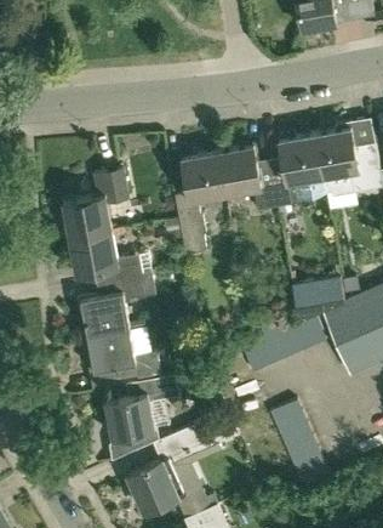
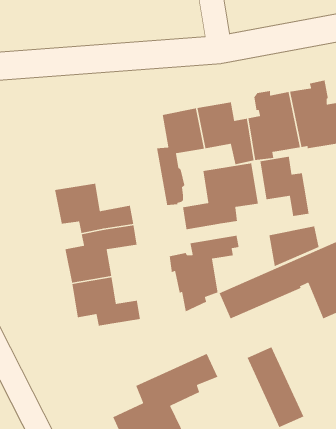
building: [62,169,127,238] -> none
building: none -> [259,156,310,217]
building: none -> [182,163,259,230]
building: [102,376,176,458] -> [169,235,239,312]

